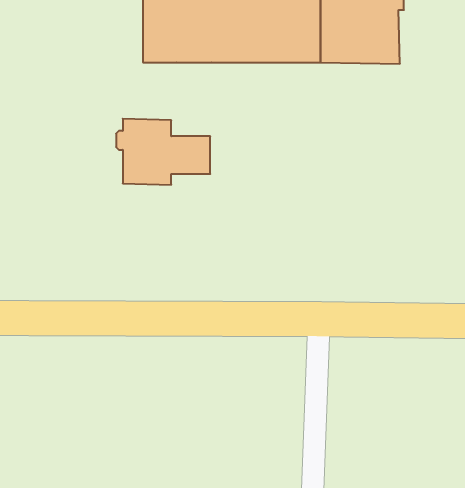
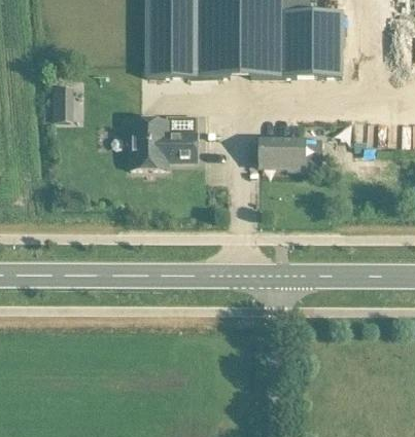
building: none -> [55,83,71,119]
building: none -> [261,138,321,169]

